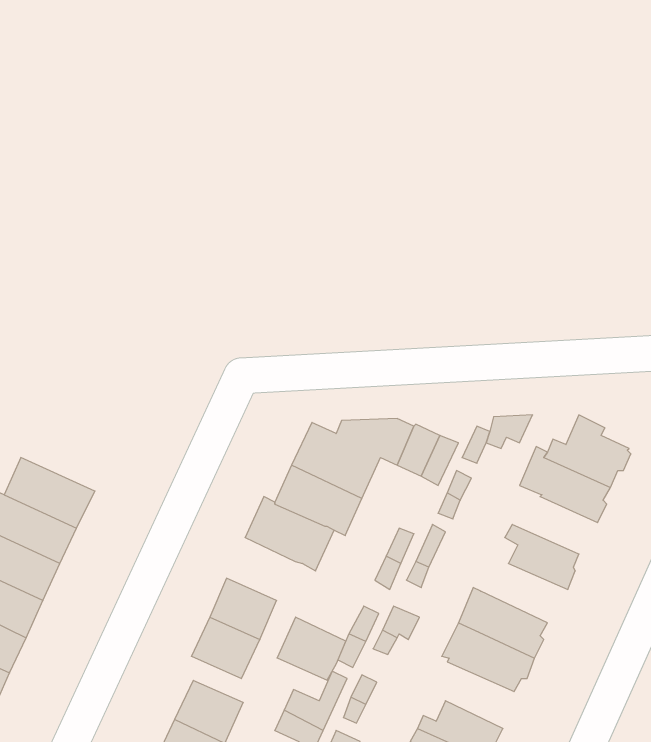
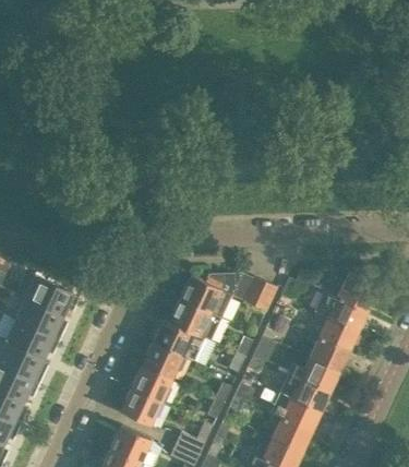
building: none -> [21,274,74,315]
building: none -> [303,311,360,352]
building: none -> [287,358,342,393]
building: [277,617,346,680] -> [142,343,182,380]
building: none -> [268,416,311,455]

